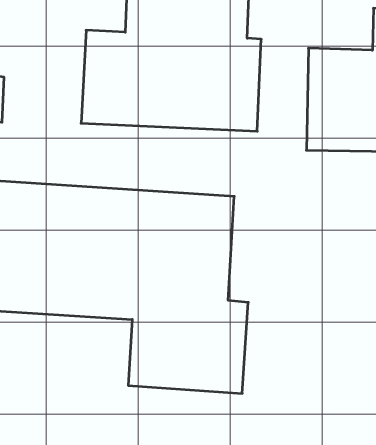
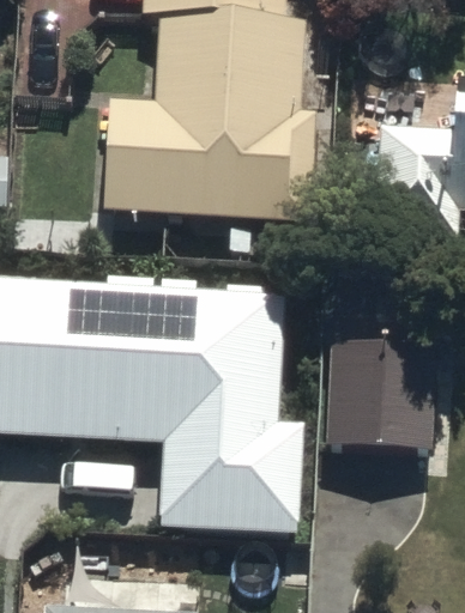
building: none -> [327,340,441,448]

